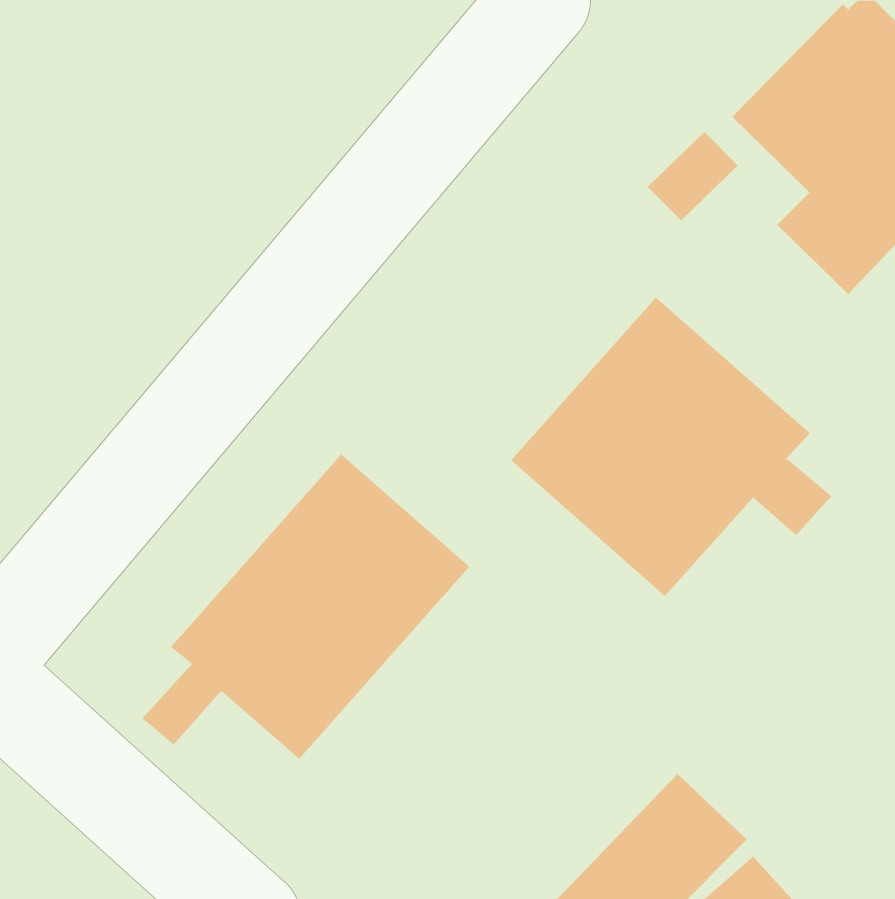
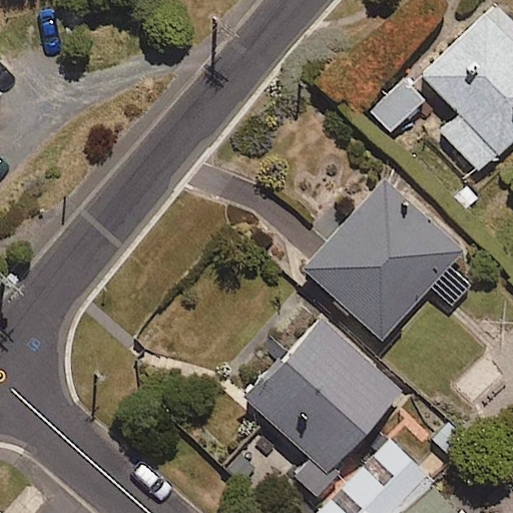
building: [142,454,470,760] -> none
building: none -> [240,313,404,475]

